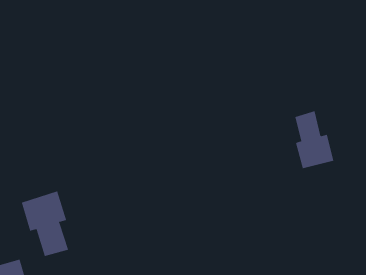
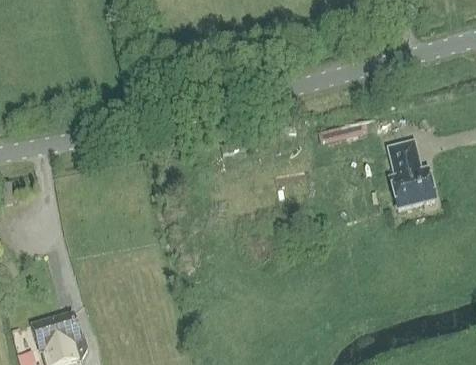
building: [21,190,69,257] -> none

